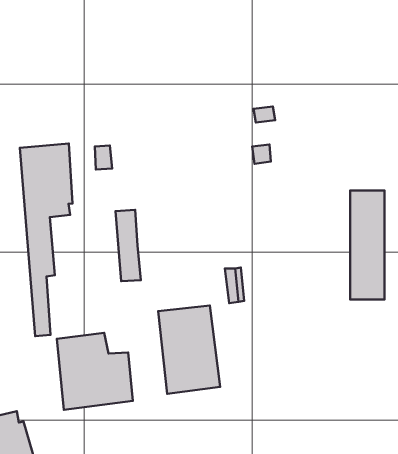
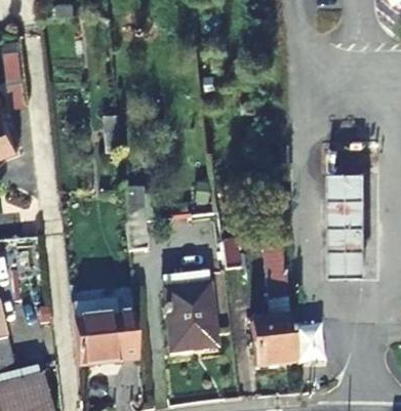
building: [20,144,72,336] -> none
building: none -> [250,233,296,368]

